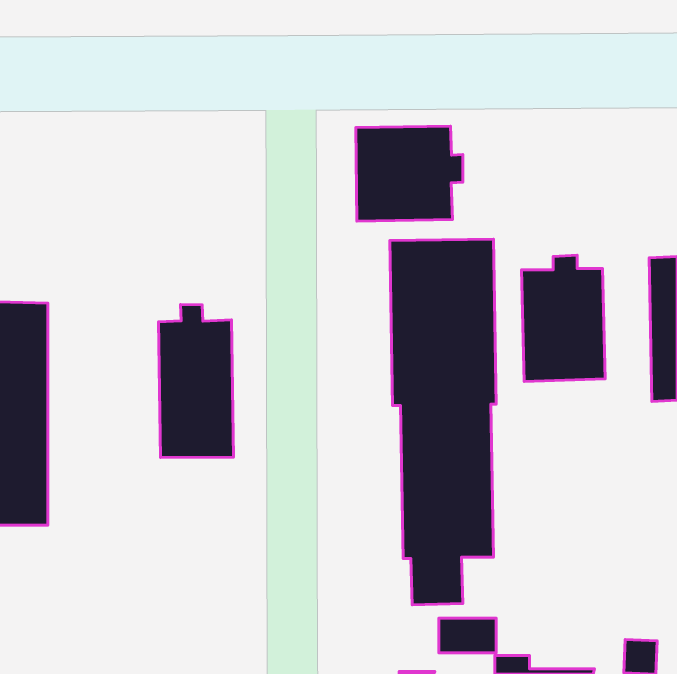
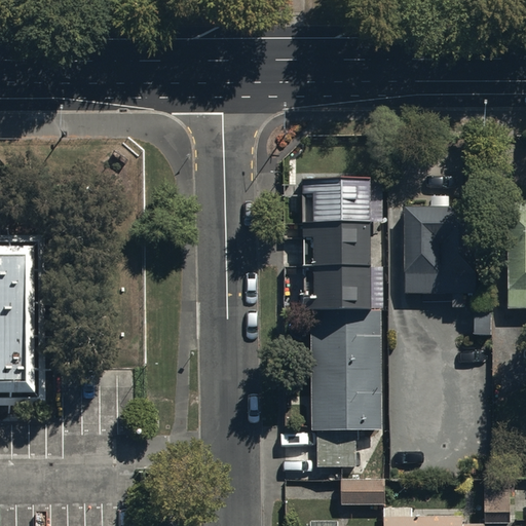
building: [356,126,463,221] -> none
building: [158,304,234,457] -> none

